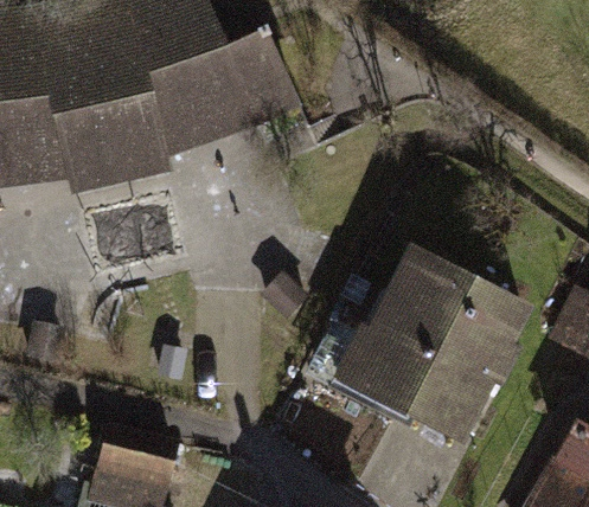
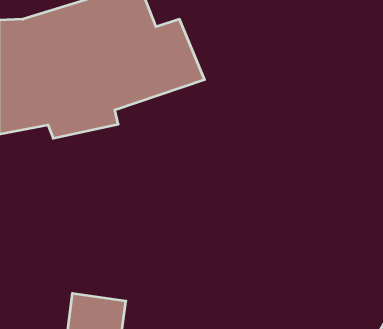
building: [345,254,527,441] -> none

